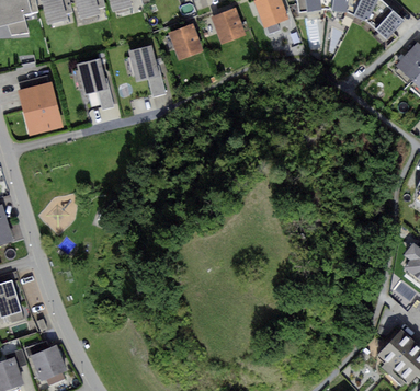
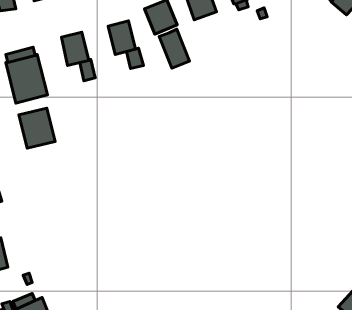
building: none -> [159,29,190,68]
building: none -> [19,108,55,148]

